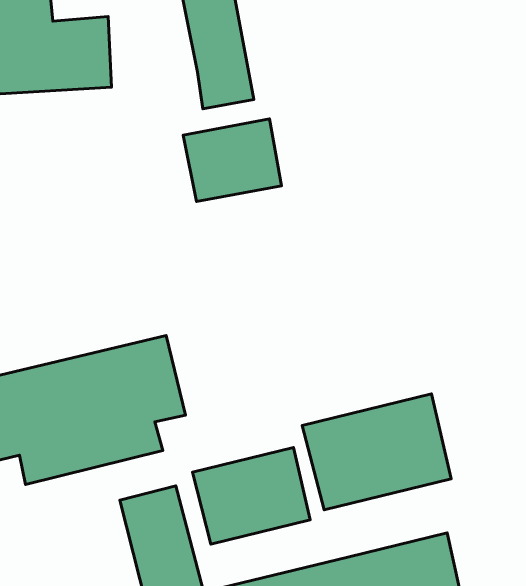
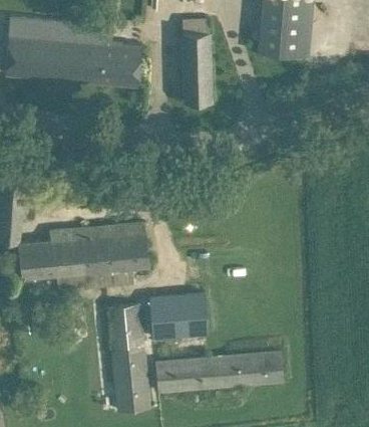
building: [183,119,282,202] -> none
building: [302,394,451,510] -> none

